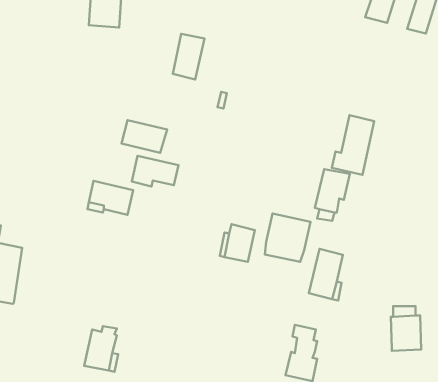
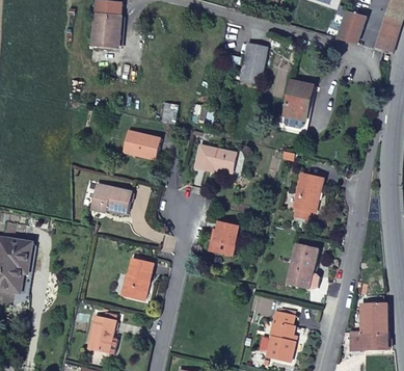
building: [173,34,205,80] -> [240,44,268,84]
building: [332,115,374,175] -> [276,81,314,134]
building: [132,156,179,186] -> [196,145,238,173]
building: [265,214,310,262] -> none
building: none -> [120,259,154,299]
building: none -> [351,333,387,350]

